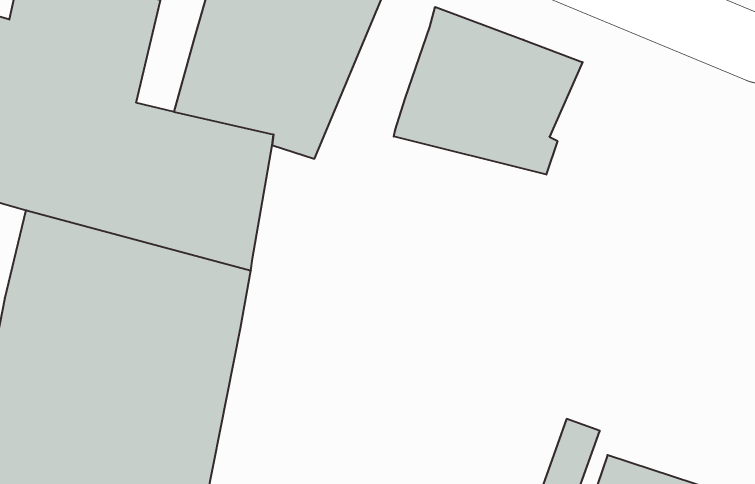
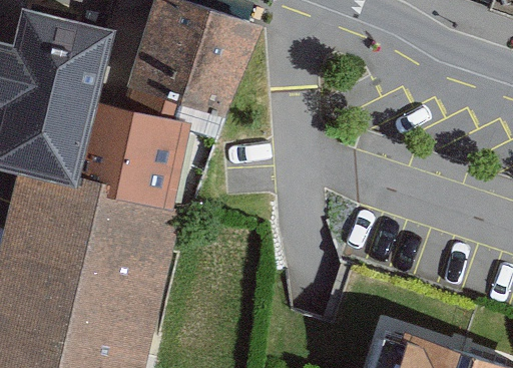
building: [394,7,583,175] -> none

